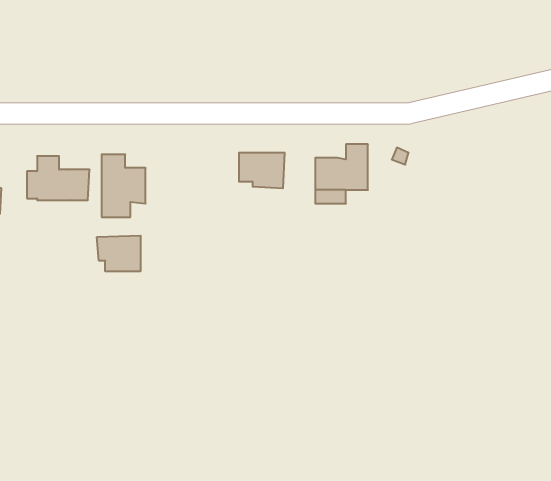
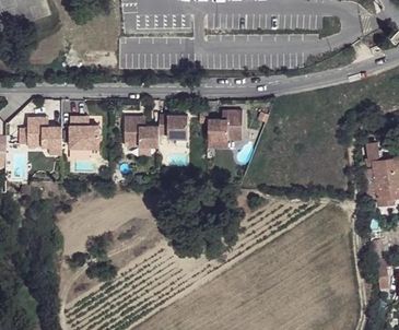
building: none -> [126,116,159,145]
building: [97,236,140,271] -> none

